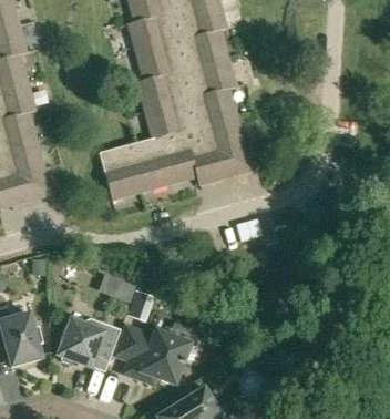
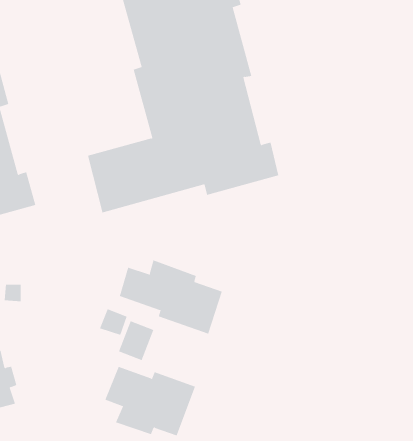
building: none -> [119,259,222,335]
building: [59,318,120,367] -> none

